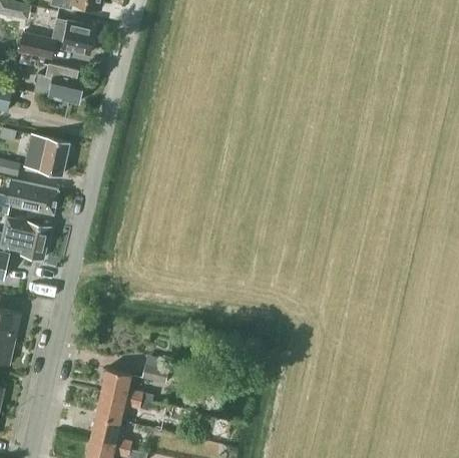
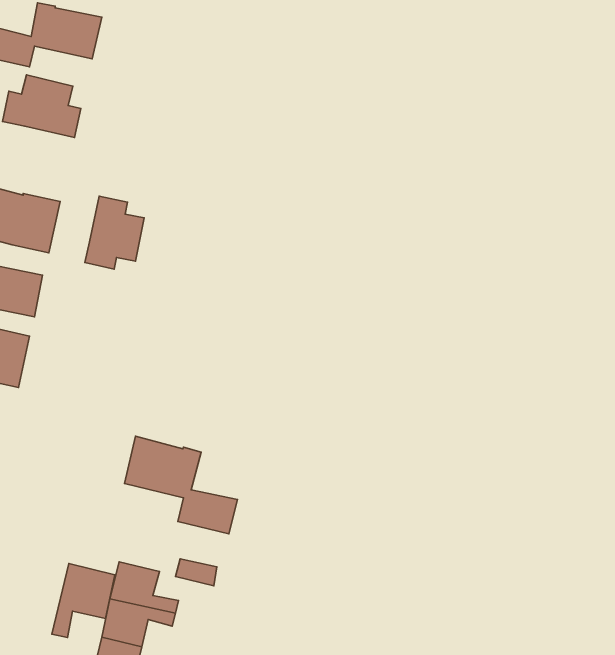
building: none -> [85,196,144,269]
building: none -> [124,436,238,534]
building: none -> [52,563,115,638]

